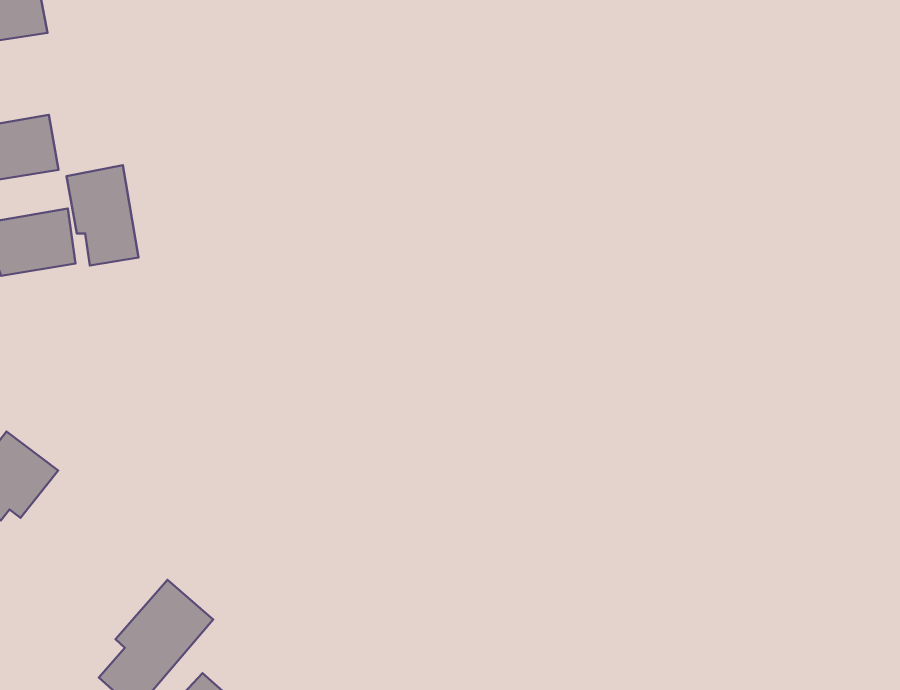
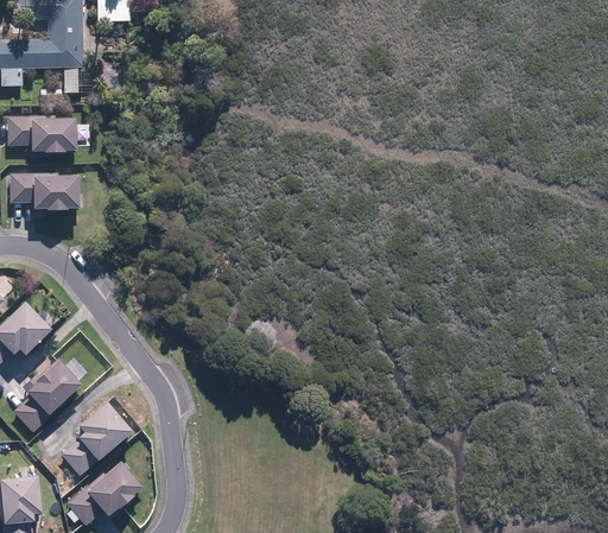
building: [66,165,139,265] -> none
building: none -> [13,358,84,432]

